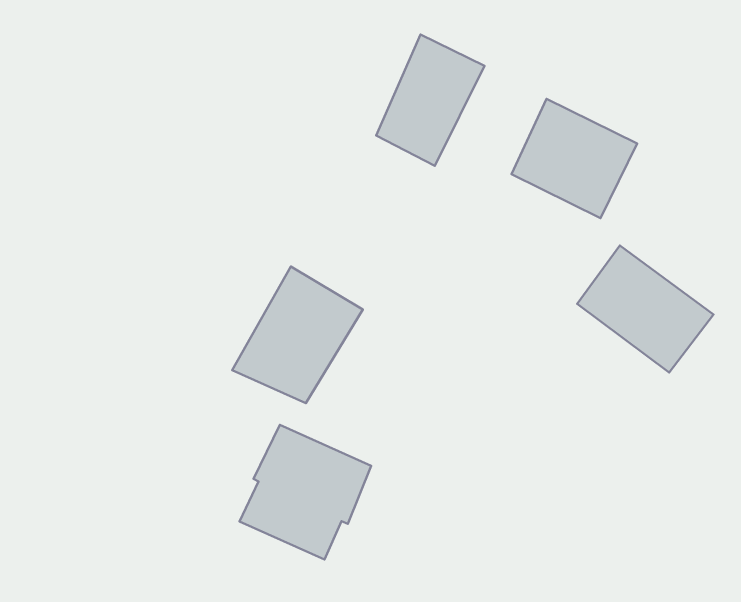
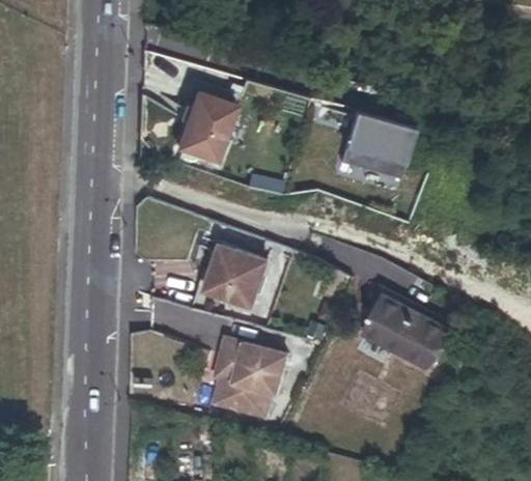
building: [376,34,484,166] -> [183,85,241,163]
building: [577,245,713,372] -> [366,296,449,368]

